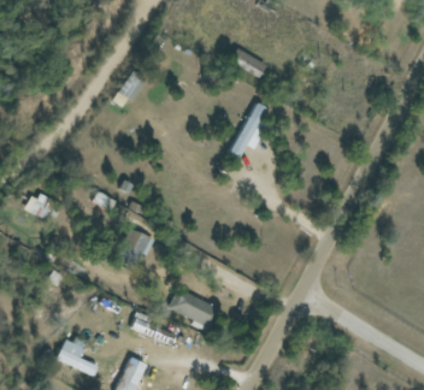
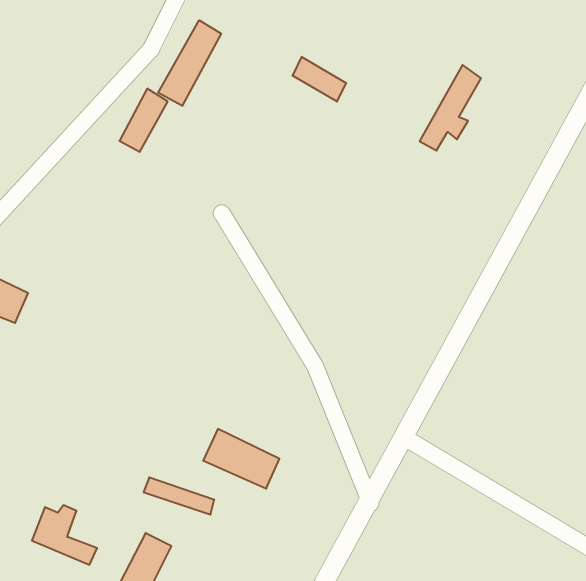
building: none -> [158,20,221,106]
building: [228,102,267,158] -> [420,65,481,151]
building: [120,229,154,267] -> none

